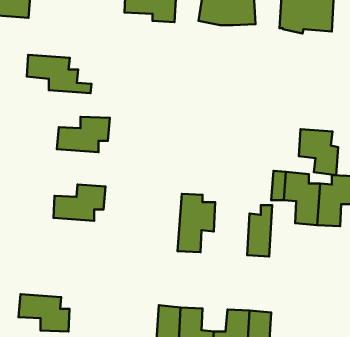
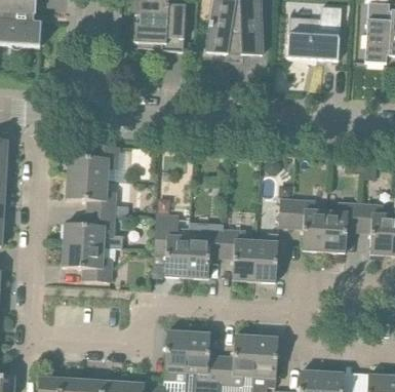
building: [27,55,92,93] -> [66,177,129,214]
building: [299,129,338,175] -> none
building: none -> [154,211,190,277]
building: none -> [222,229,256,281]
building: [19,294,70,332] -> [62,244,112,281]

